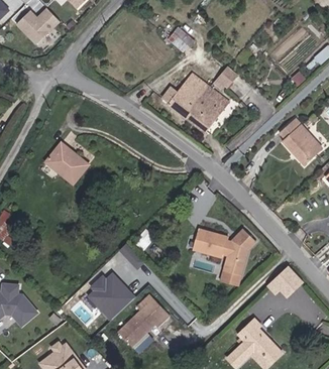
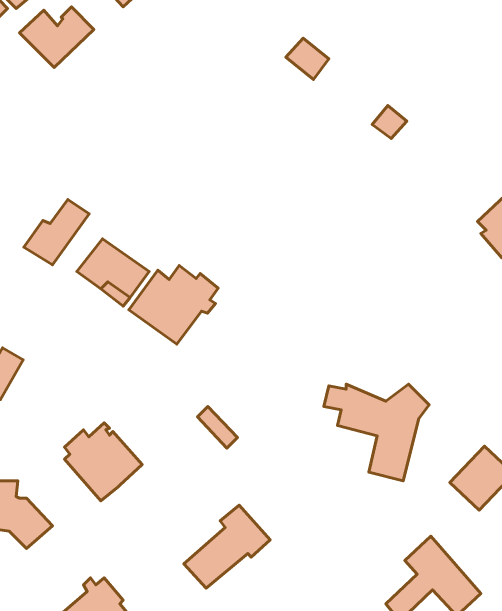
building: [171,73,230,130] -> none
building: none -> [24,199,89,265]
building: none -> [129,266,218,344]
building: [87,272,132,318] -> [65,423,142,501]

